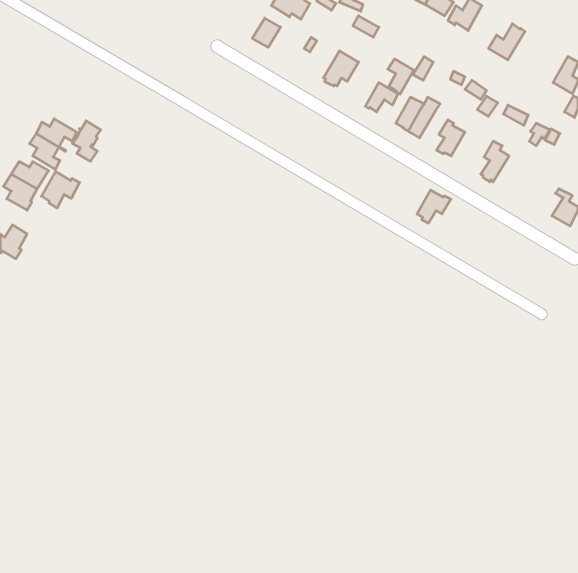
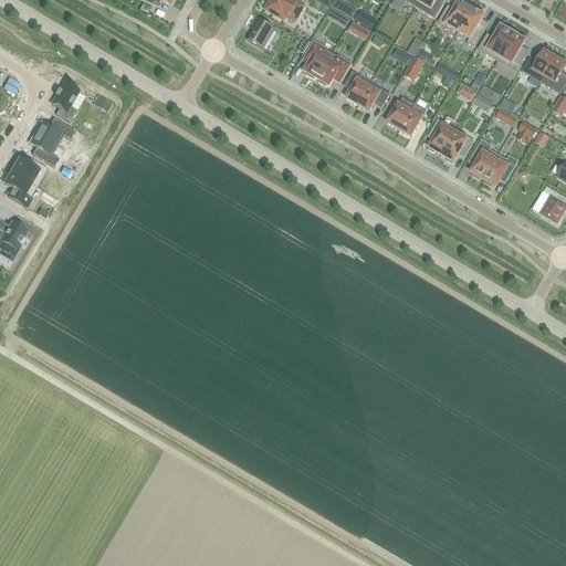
building: none -> [458,6,484,44]
building: none -> [496,31,527,66]
building: none -> [303,40,332,77]
building: none -> [521,49,555,81]
building: [388,59,414,94] -> [345,70,370,104]
building: [72,121,101,161] -> [51,81,78,120]
building: none -> [482,153,517,185]
building: [41,172,80,208] -> none
building: [417,190,451,223] -> [441,129,474,161]

